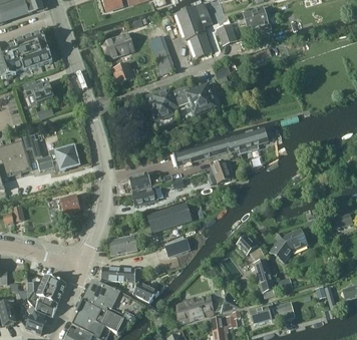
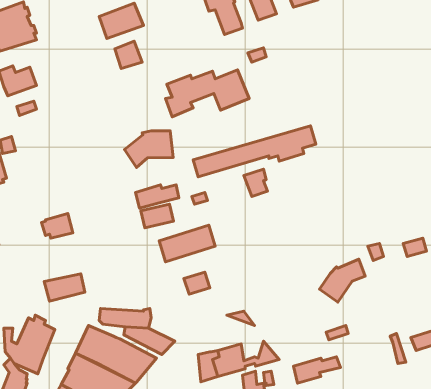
building: [148,35,174,77] -> none
building: none -> [125,131,173,167]
building: [36,147,77,173] -> none
building: [236,235,275,297] -> none
building: [106,236,137,257] -> [44,274,85,301]

